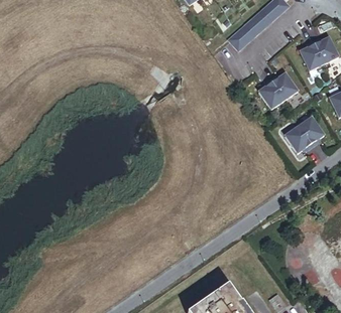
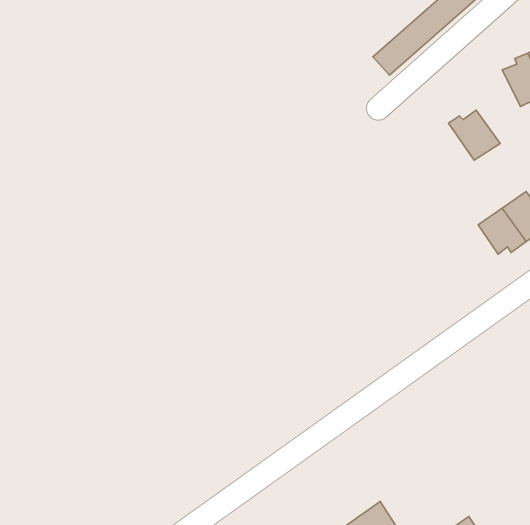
building: [258,76,283,107] -> none

